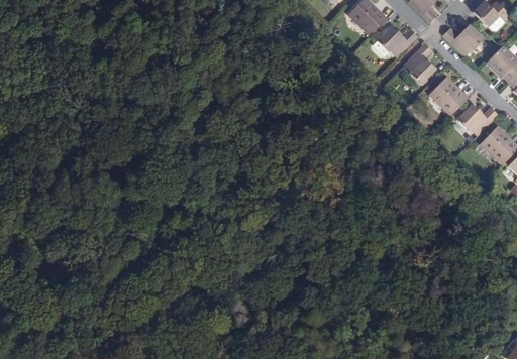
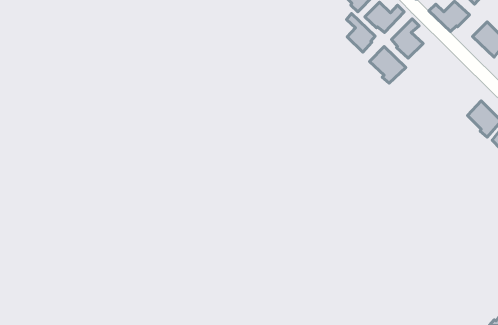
building: none -> [346,14,375,52]
building: [430,78,468,115] -> [369,47,406,83]
building: [456,104,498,136] -> none

